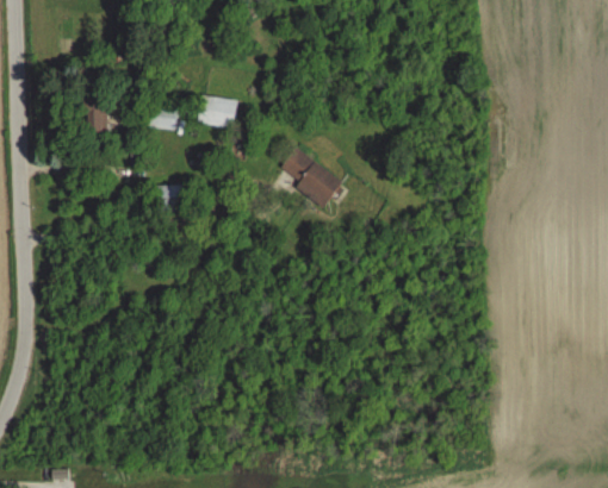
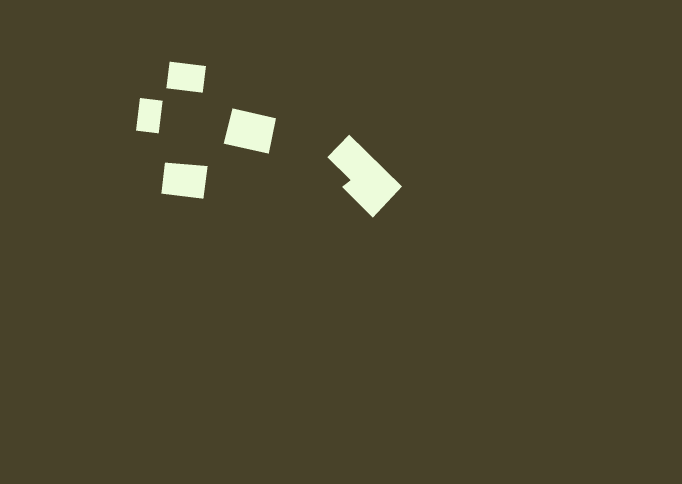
building: [199,95,238,127] -> [223,108,277,154]
building: [92,106,111,132] -> [135,98,164,134]

